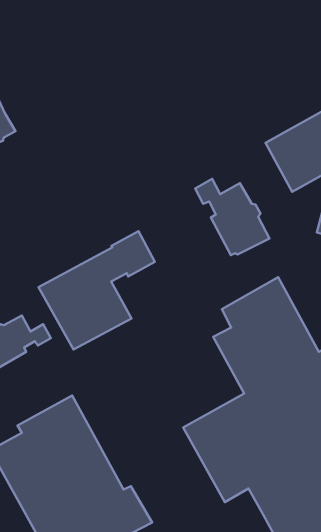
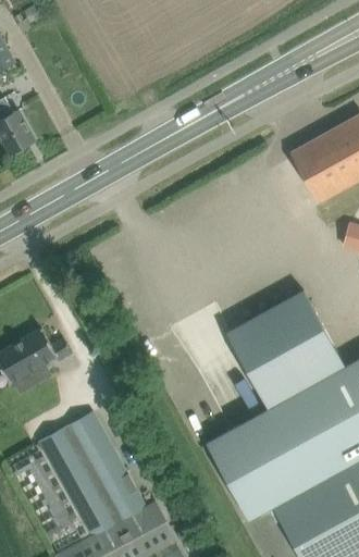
building: [195,179,269,255] -> none
building: [39,231,155,349] -> none

